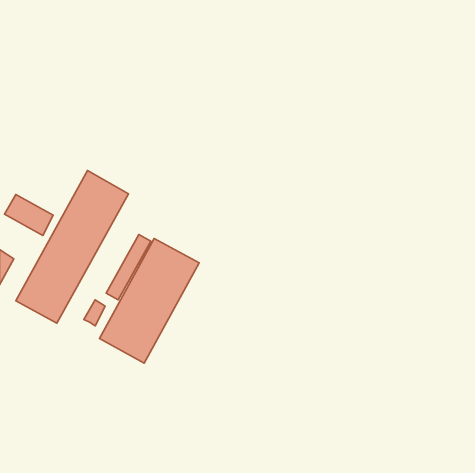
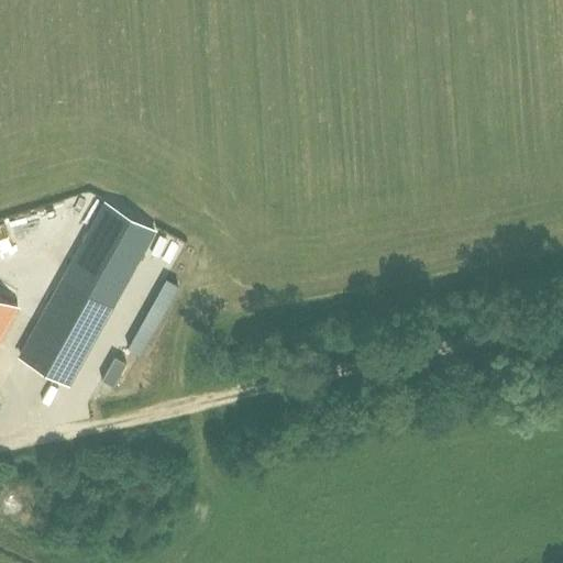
building: [100,239,199,363] -> none

